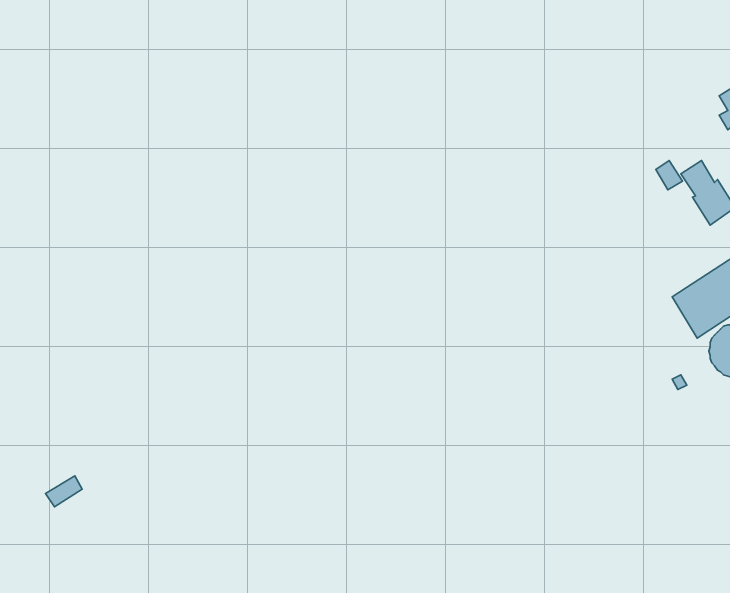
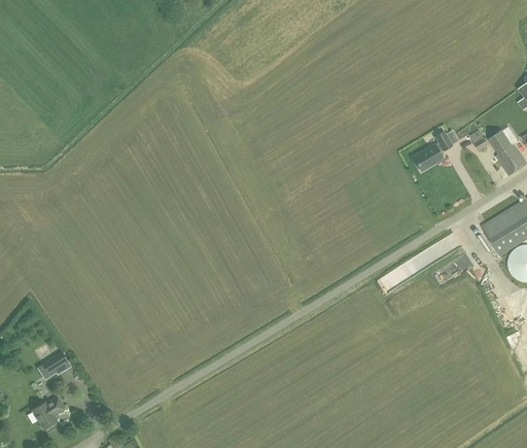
building: none -> [413,131,452,171]
building: none -> [32,397,65,428]

